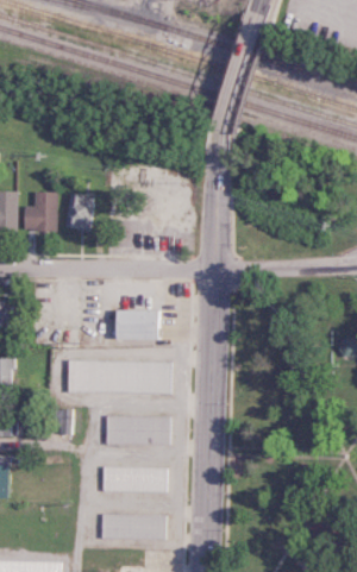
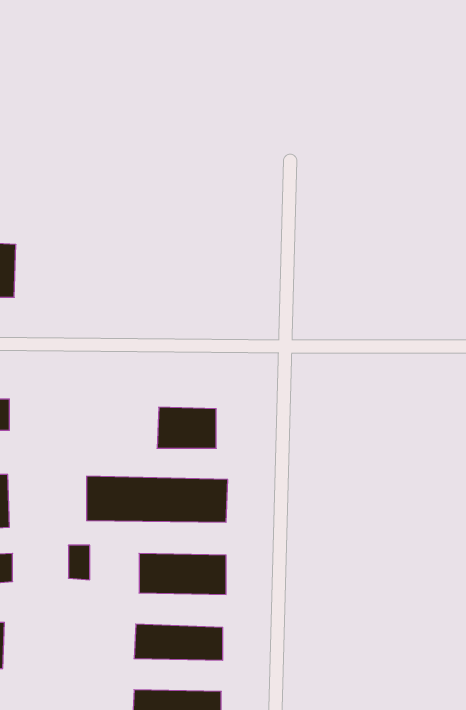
building: [24,191,56,231] -> none
building: [63,194,93,230] -> none

